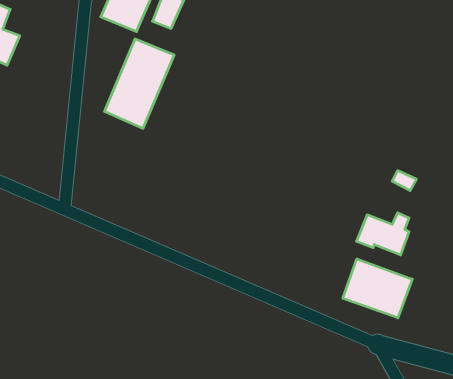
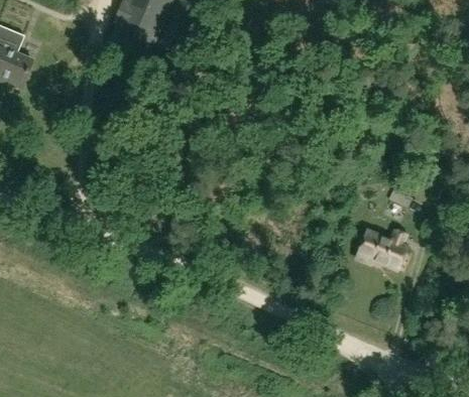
building: [105,39,174,128] -> none
building: [343,259,412,318] -> none

